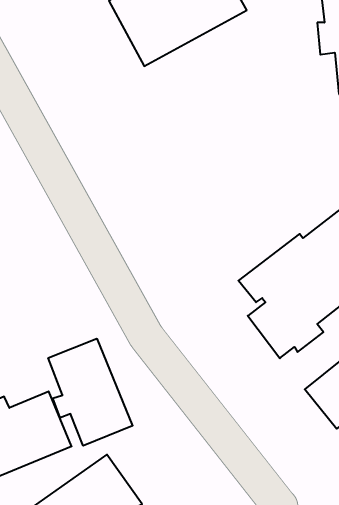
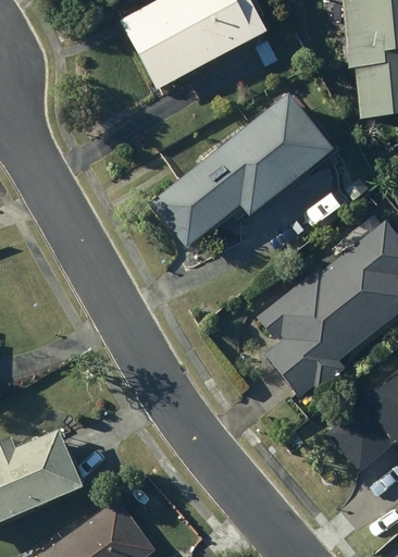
building: none -> [162,94,336,242]
building: [48,339,133,446] -> none

